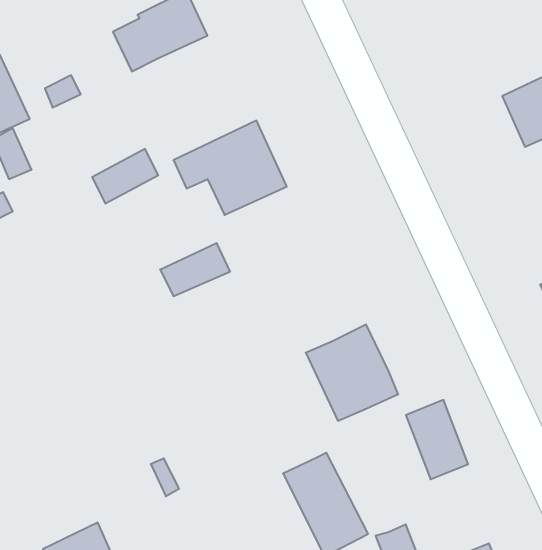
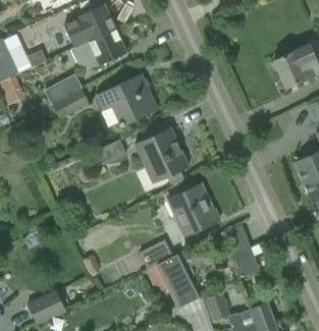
building: none -> [70,27,126,68]
building: none -> [45,74,82,104]
building: none -> [135,127,189,183]
building: none -> [141,239,173,268]

